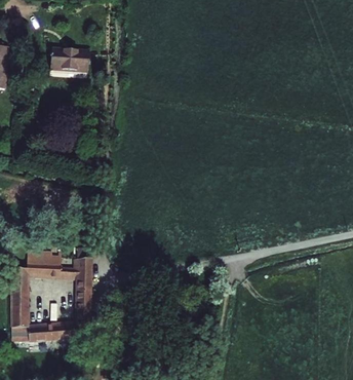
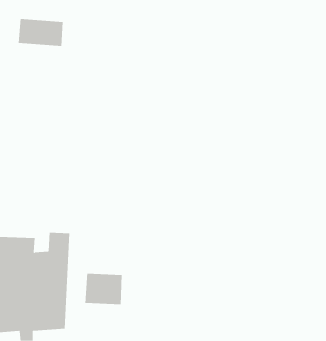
building: none -> [85,273,122,305]

